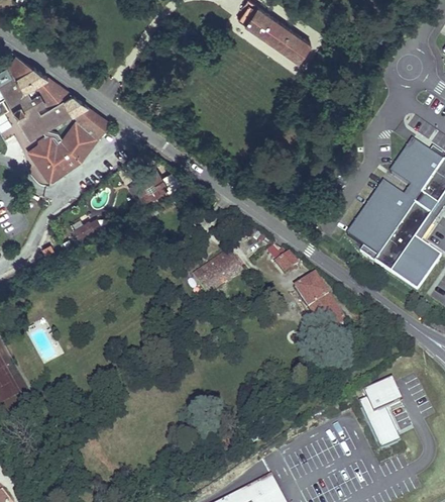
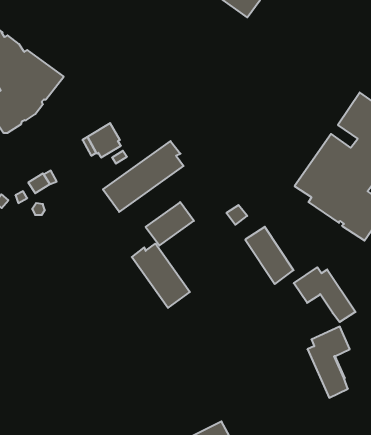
building: none -> [103,141,184,212]
building: none -> [132,244,190,308]
building: none -> [294,267,356,322]

